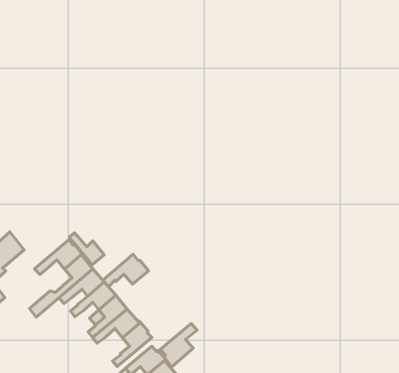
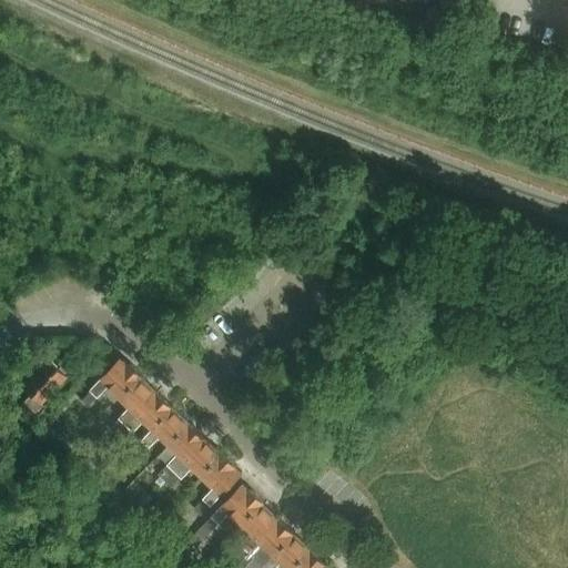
building: [69,233,104,265] -> none
building: [103,254,148,287] -> none
building: [160,323,197,367] -> none

